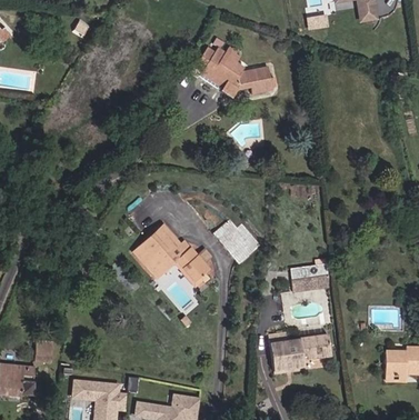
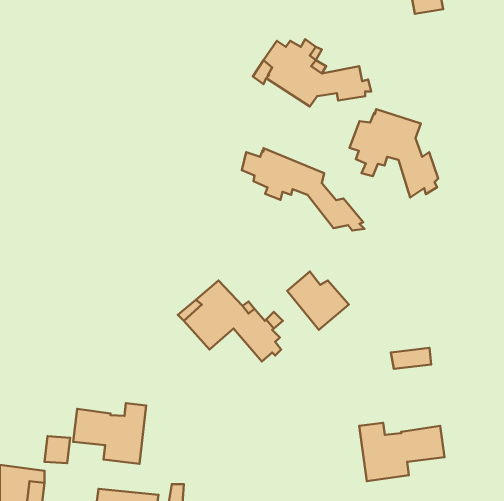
building: none -> [349,109,438,197]
building: none -> [242,148,365,231]
building: none -> [73,403,146,464]

